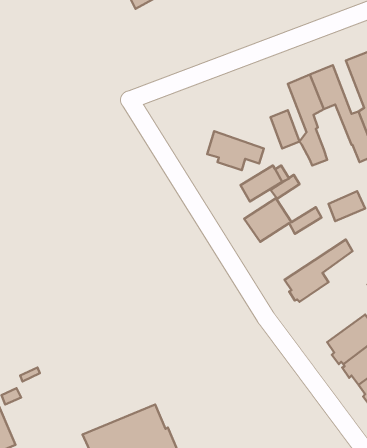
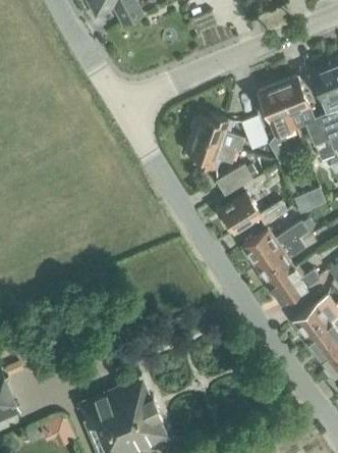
building: none -> [193,114,245,151]
building: none -> [242,218,316,266]
building: none -> [268,268,321,305]

